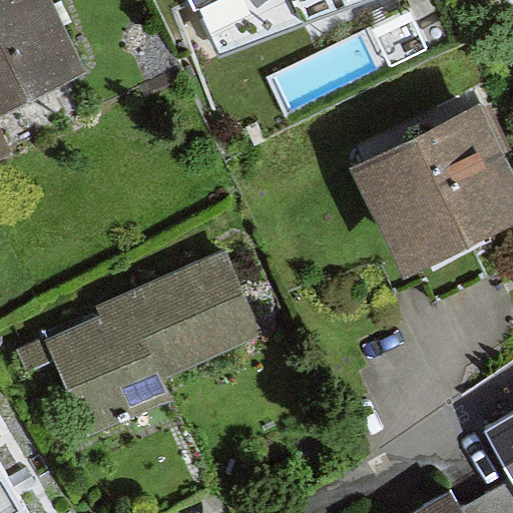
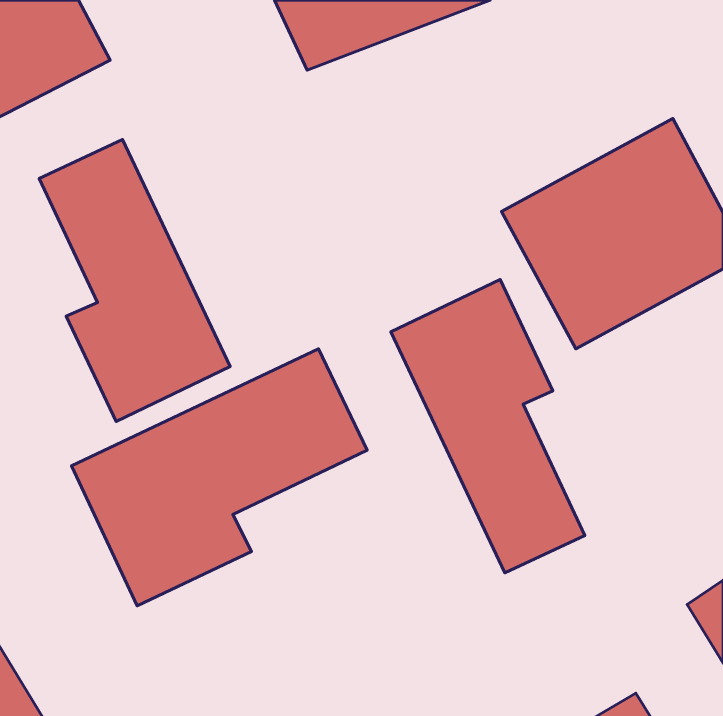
building: none -> [39,139,230,421]
building: none -> [391,279,585,573]

